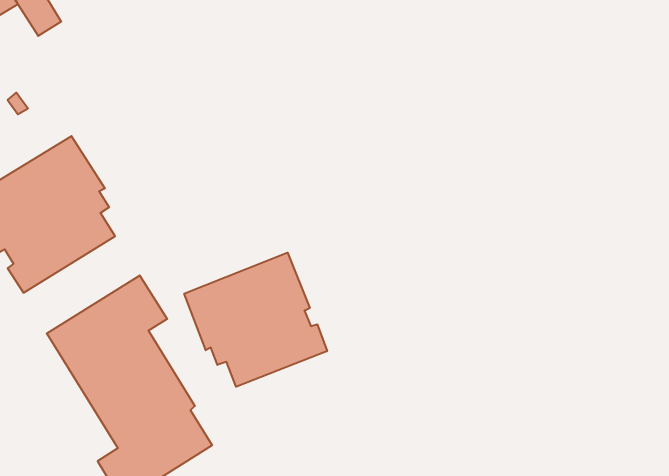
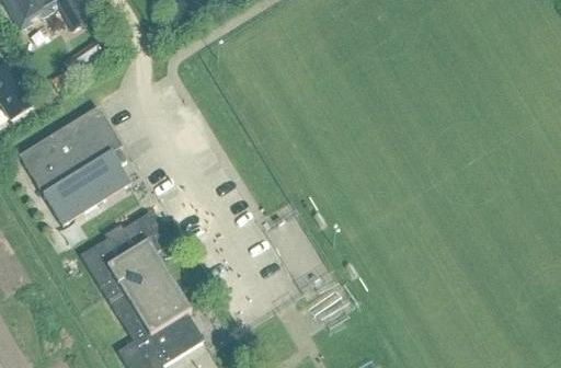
building: [184,253,327,387] -> none

